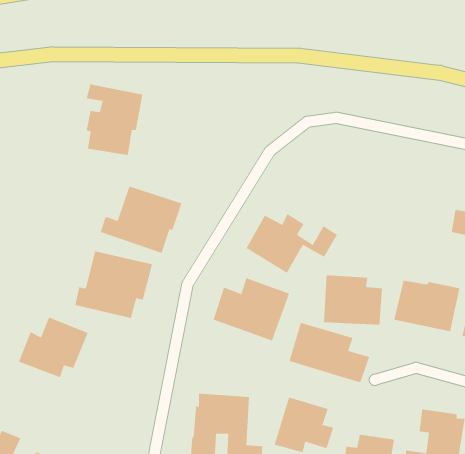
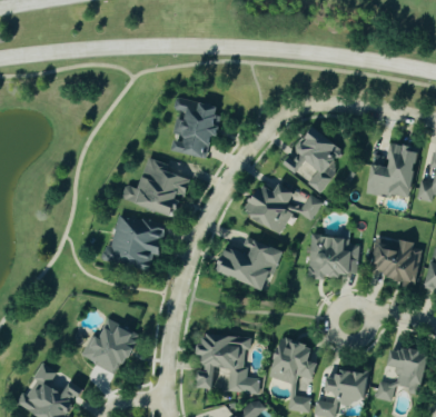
building: [86,84,143,156] -> [171,97,219,157]
building: none -> [283,126,345,190]
building: none -> [366,142,418,200]
building: [18,317,89,378] -> [80,321,139,373]
building: [289,322,370,383] -> none

